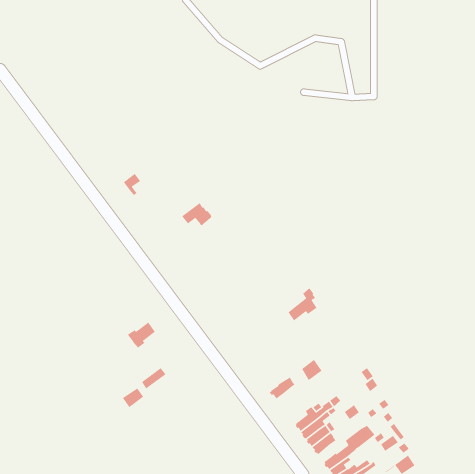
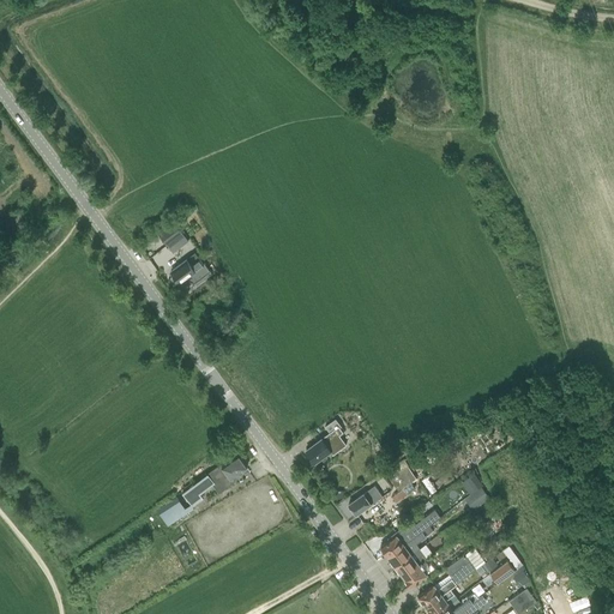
building: [181,202,213,226] -> [170,255,211,287]
building: [287,287,318,321] -> [306,420,345,464]
building: [127,322,156,349] -> [210,456,247,490]

